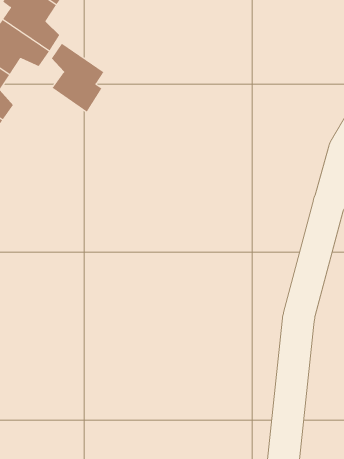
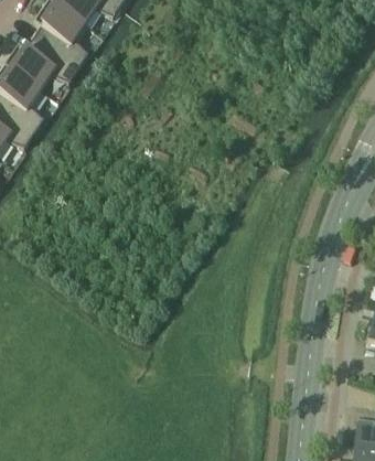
building: [51,43,104,112] -> none

